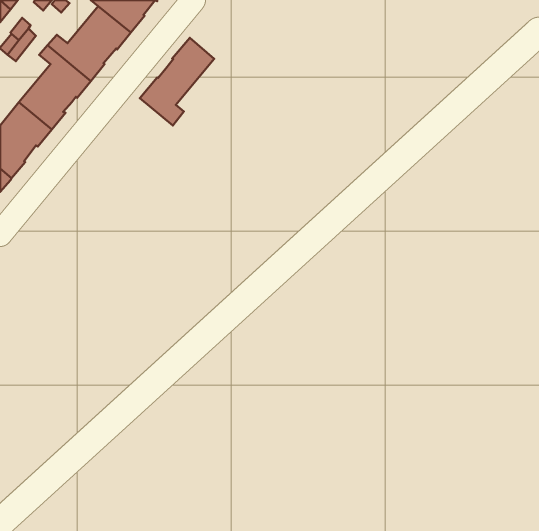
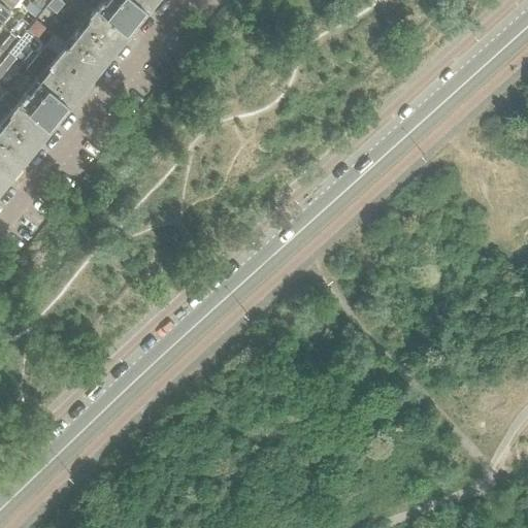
building: [140,38,214,125] -> none

